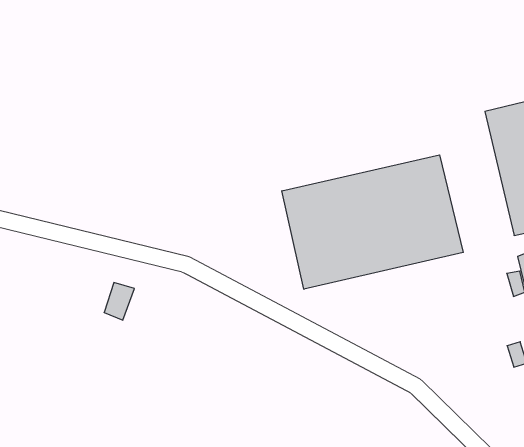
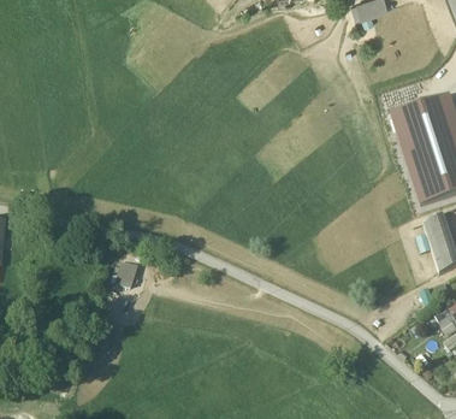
building: [282,155,463,289] -> none

